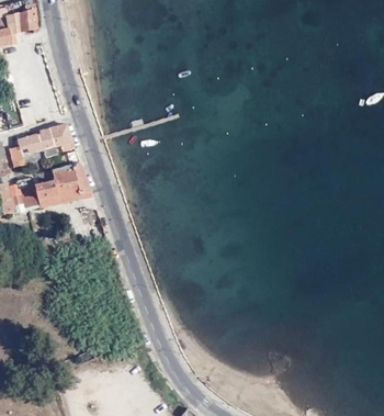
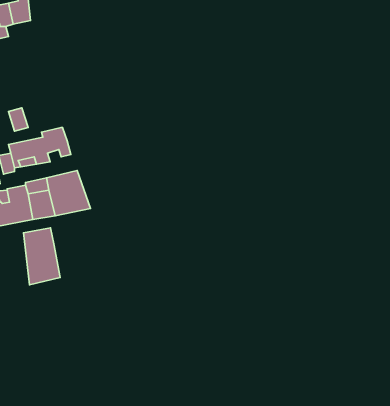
building: none -> [24,228,60,285]

